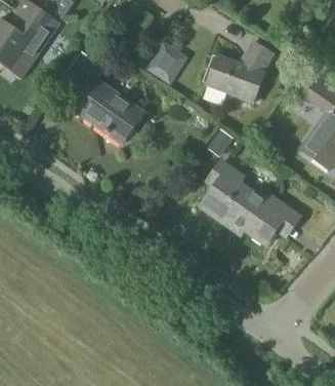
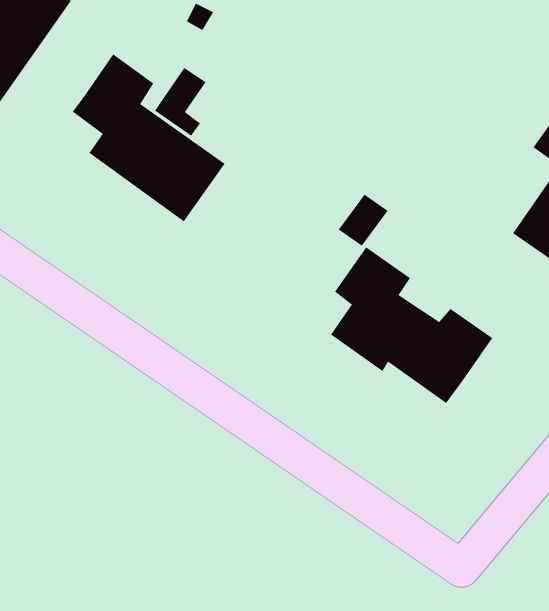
building: [206,41,273,103] -> none
building: [145,42,174,80] -> [154,67,206,137]

